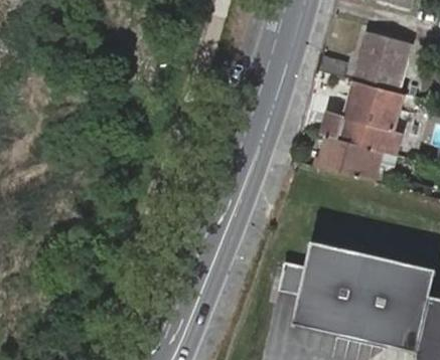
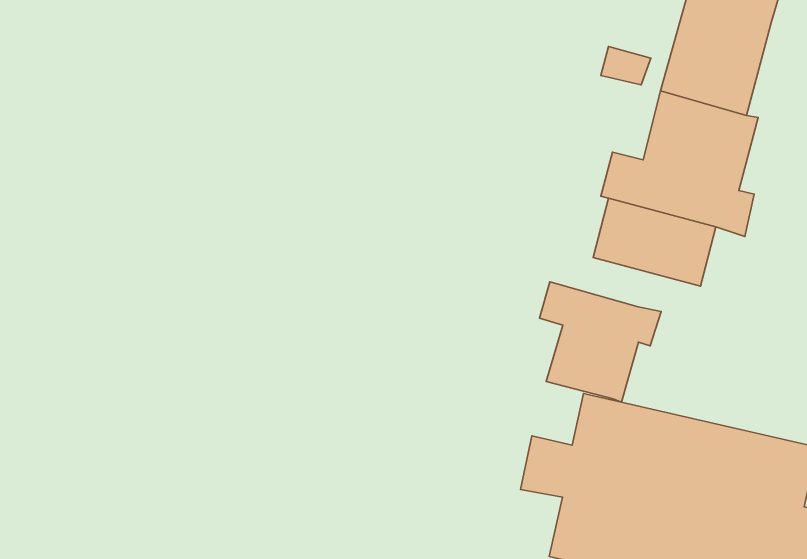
building: none -> [539,282,661,402]

